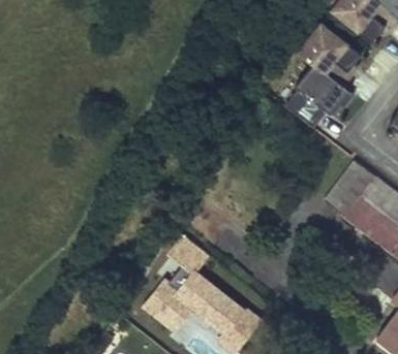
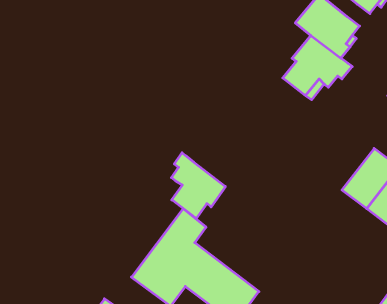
building: [324,161,376,218] -> none
building: none -> [171,153,225,218]

